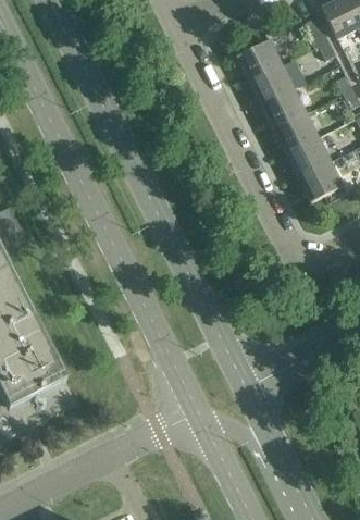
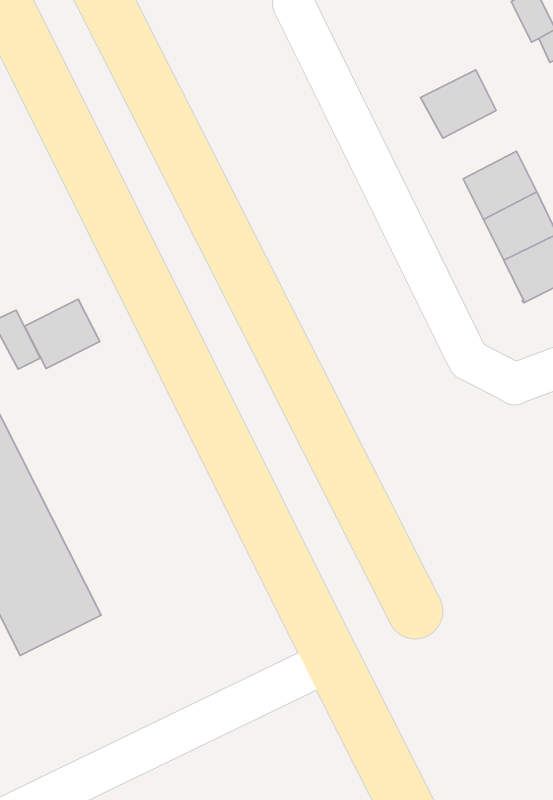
building: [238,35,284,76] -> none
building: [264,84,308,124] -> none
building: none -> [24,299,100,368]

